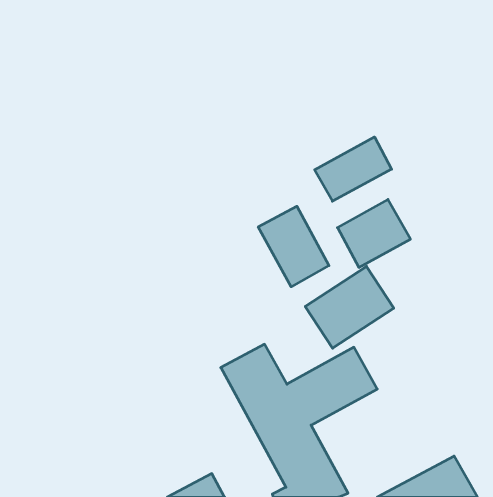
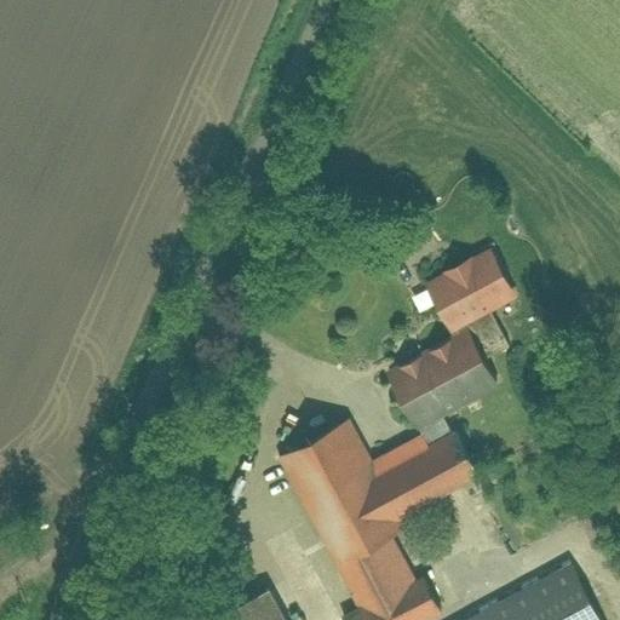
building: [315,137,392,201] -> none
building: [258,206,329,287] -> none

